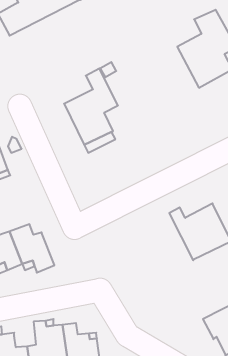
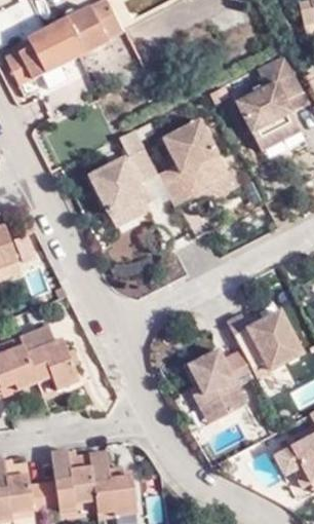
building: none -> [159,117,235,207]
building: none -> [187,342,246,417]

